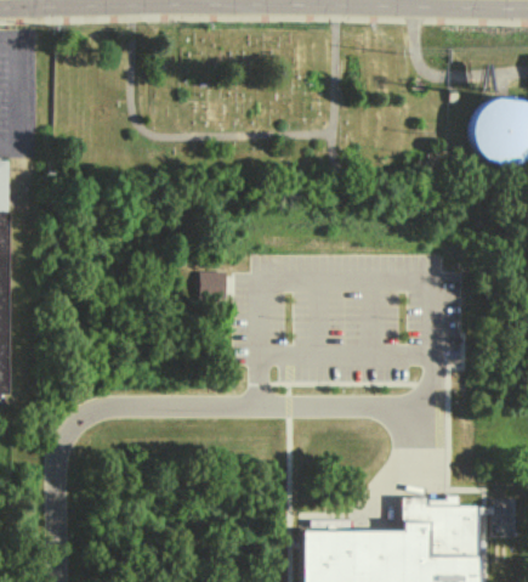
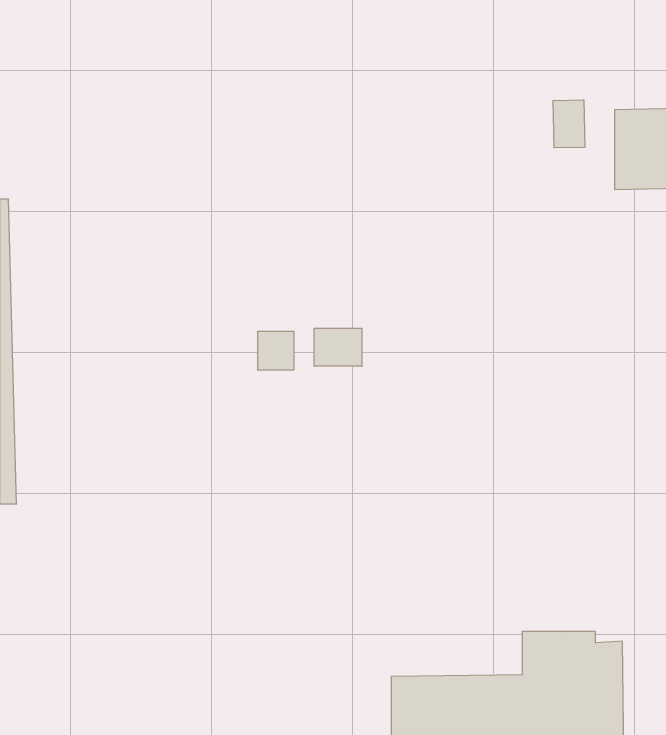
building: none -> [553,100,585,148]
building: none -> [314,328,362,366]

